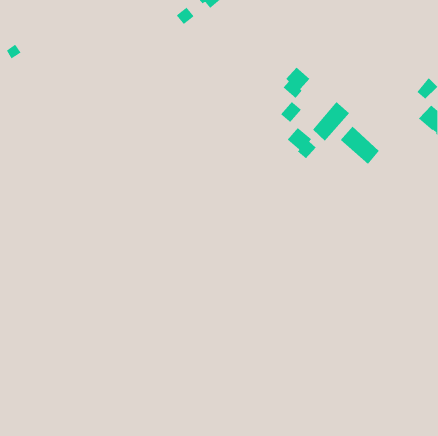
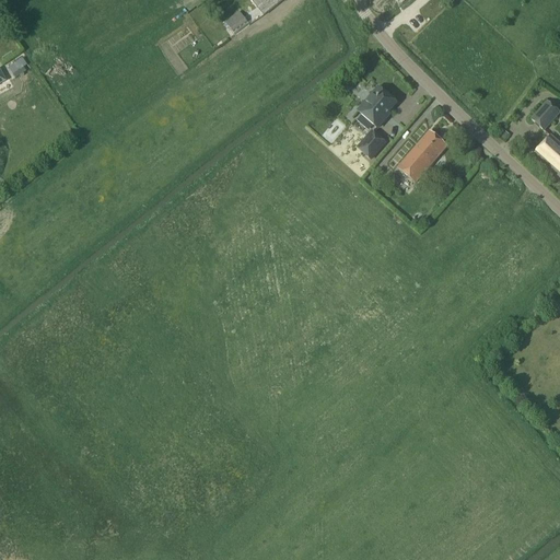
building: [340,126,380,165] -> none
building: [287,127,316,159] -> none

